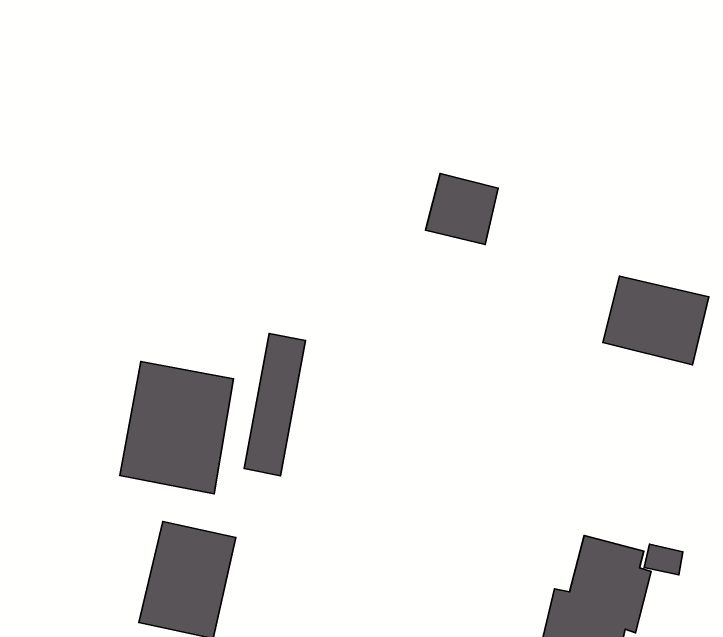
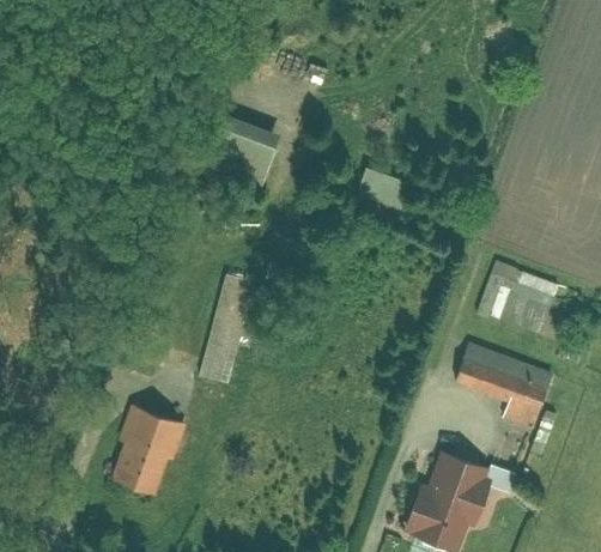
building: none -> [211,120,275,178]
building: [120,361,234,494] -> none
building: none -> [455,344,551,424]

